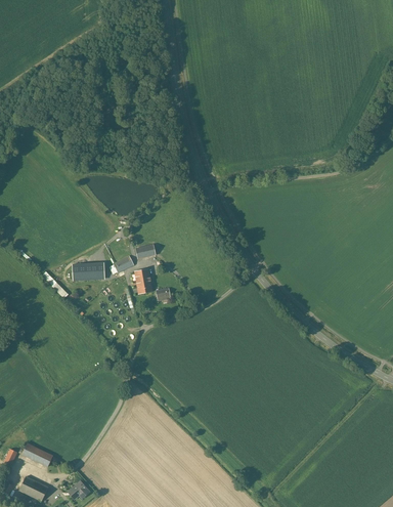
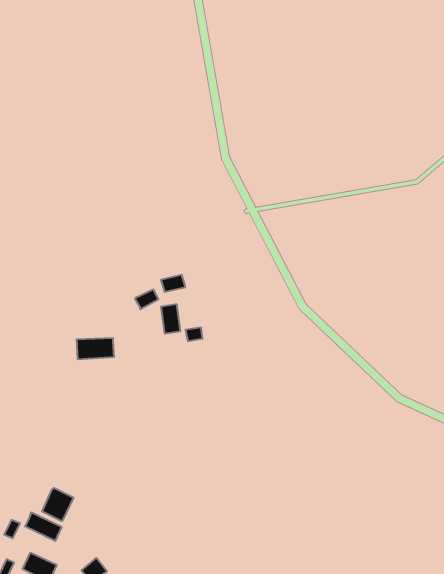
building: [73,262,104,280] -> [76,338,114,359]
building: none -> [42,488,73,521]

